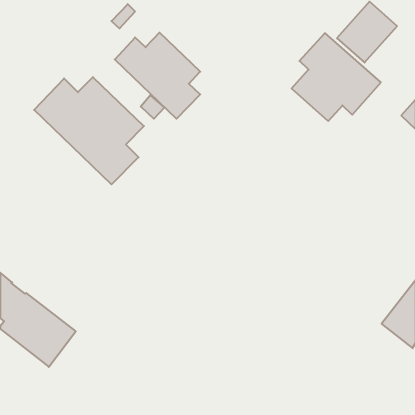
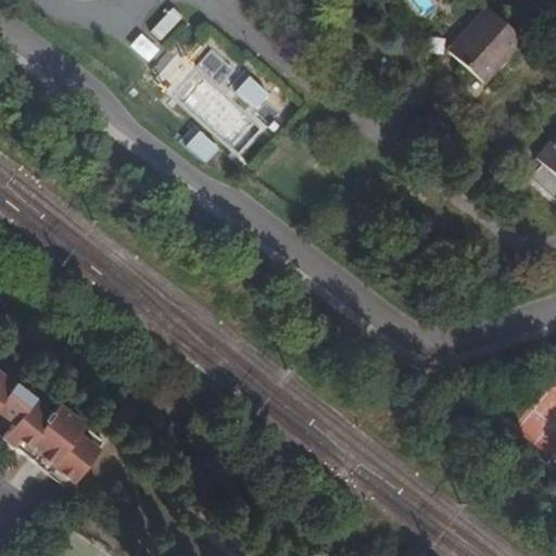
building: [292,33,381,121] -> none
building: [34,77,144,184] -> none

